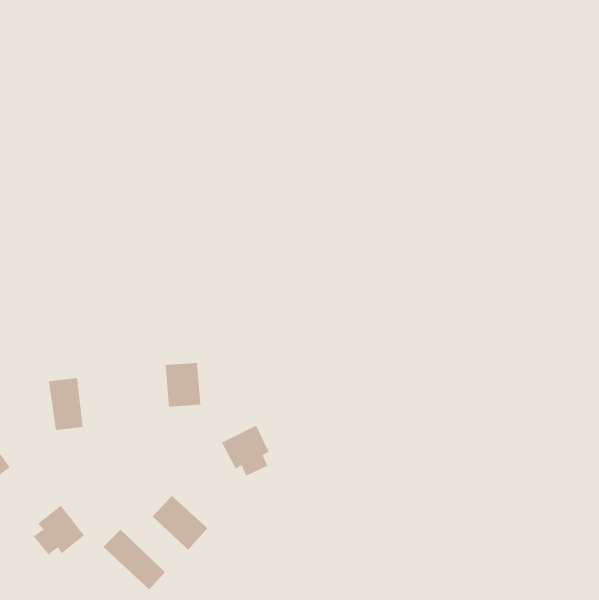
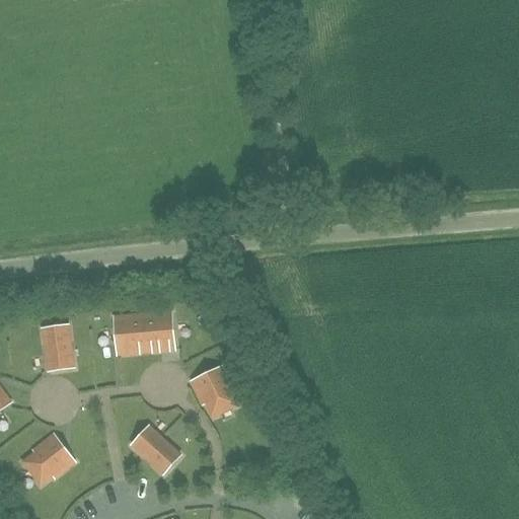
building: none -> [114,314,145,354]
building: [103,529,166,590] -> none

